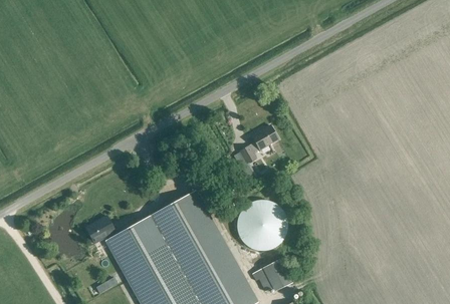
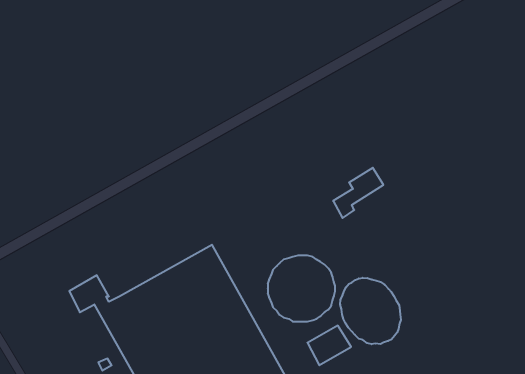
building: [238,126,276,165] -> [333,168,383,218]
building: none -> [340,278,401,344]

